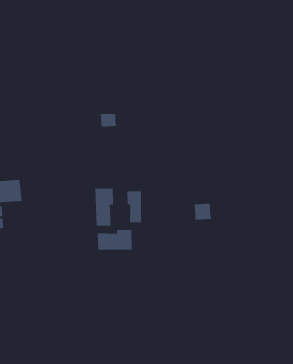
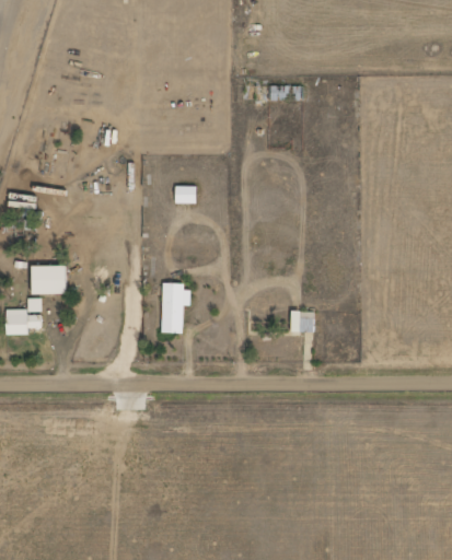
building: [127,190,142,223] -> none
building: [97,229,132,250] -> none

